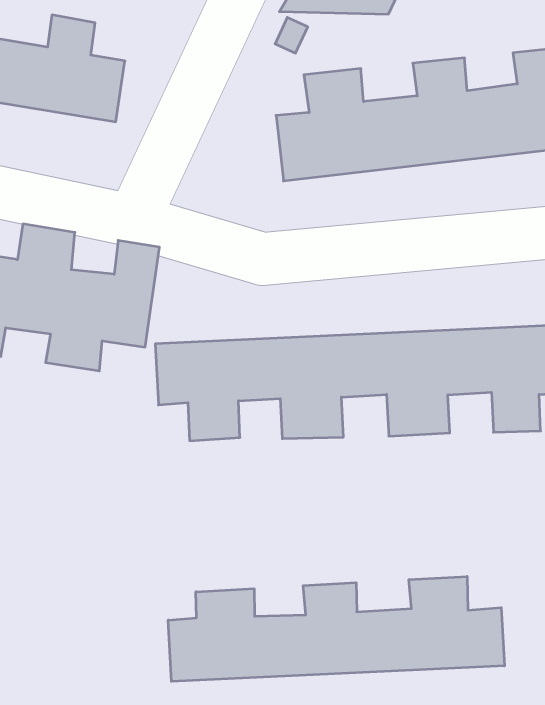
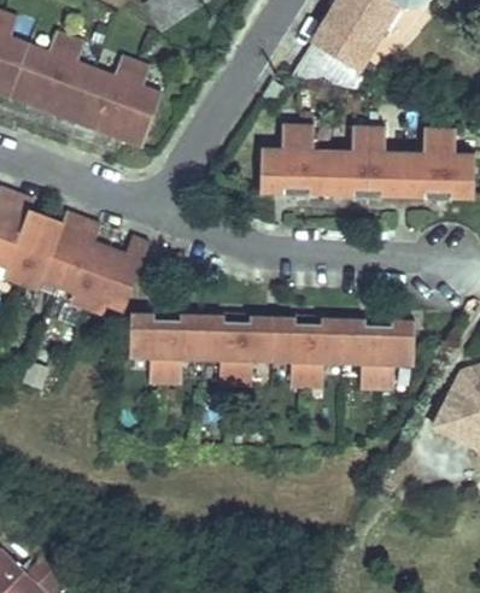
building: [168,576,504,681] -> none

